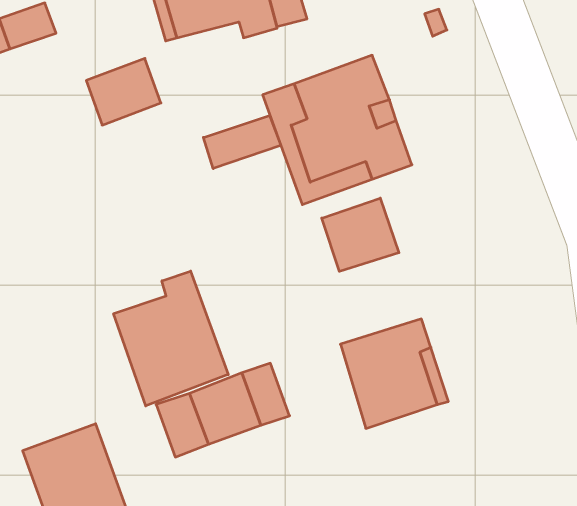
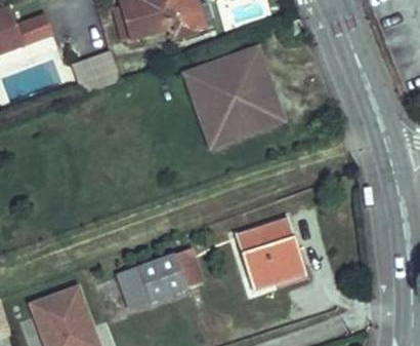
building: [203,116,281,169] -> none
building: [322,198,399,271] -> none
building: [114,271,228,406] -> none

